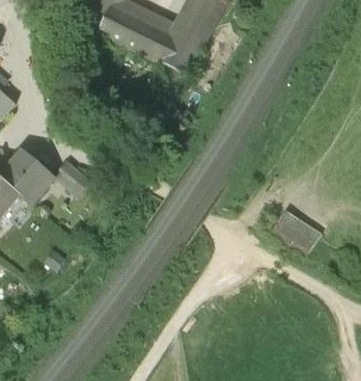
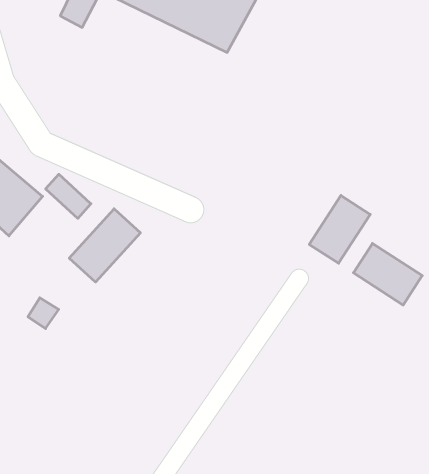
building: none -> [309,195,370,263]
building: none -> [69,209,140,282]

